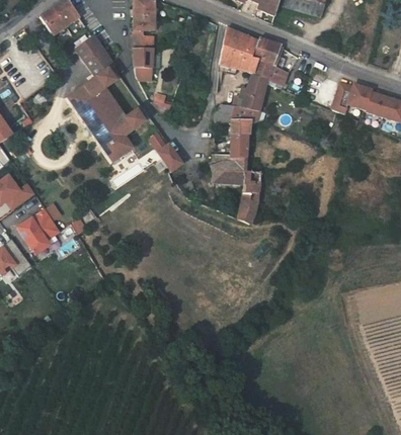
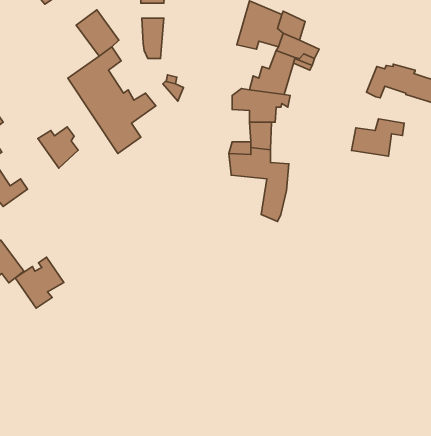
building: none -> [352,119,404,156]
building: none -> [38,127,78,168]
building: [158,142,185,171] -> none
building: [18,208,61,253] -> [15,257,64,308]

